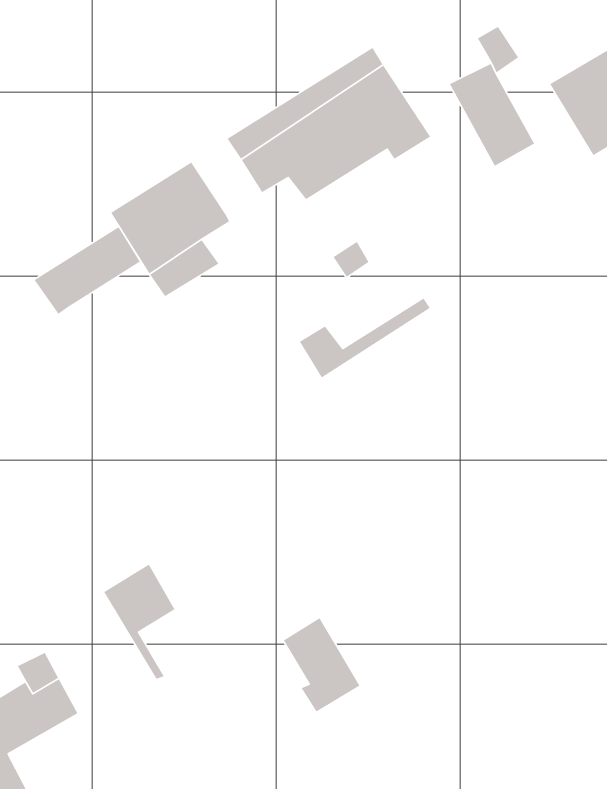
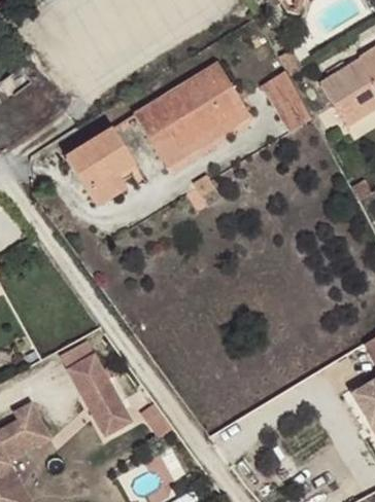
building: [34,226,141,315] -> none
building: [299,297,431,379] -> [154,119,231,167]
building: [283,617,360,712] -> [81,388,127,443]

